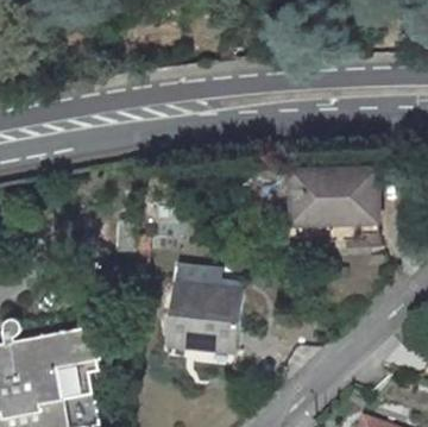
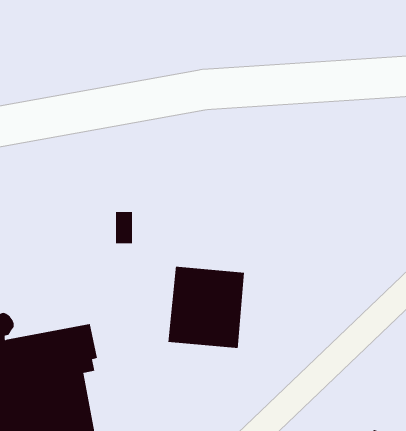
building: [288,165,377,239] -> none

